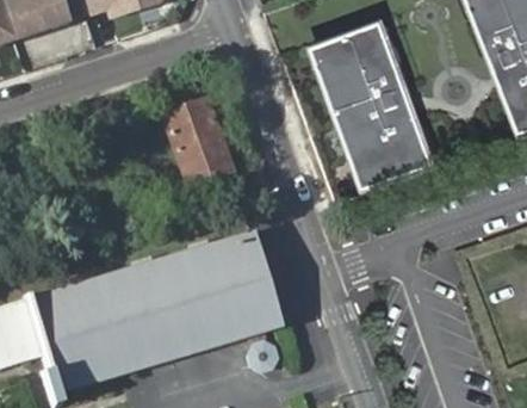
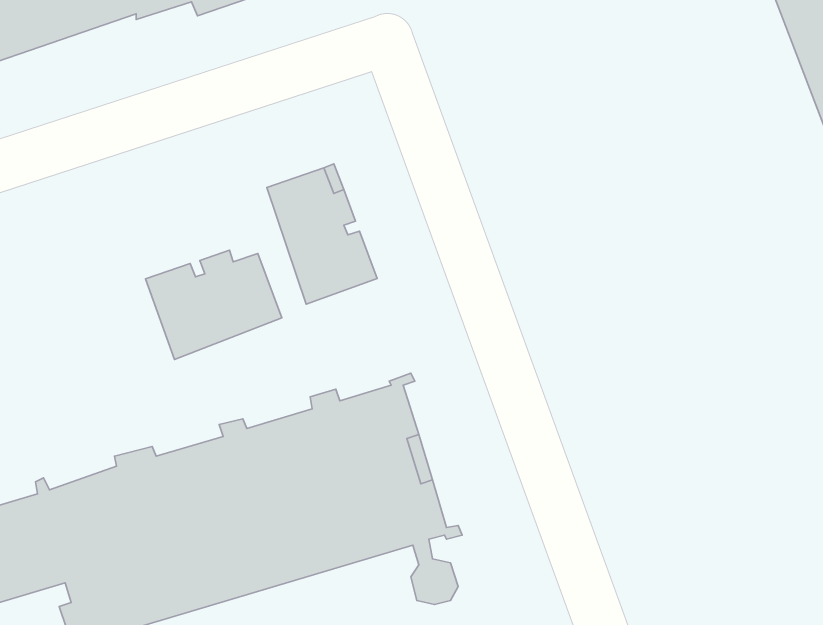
building: [310,23,433,192] -> none
building: none -> [146,250,282,359]

